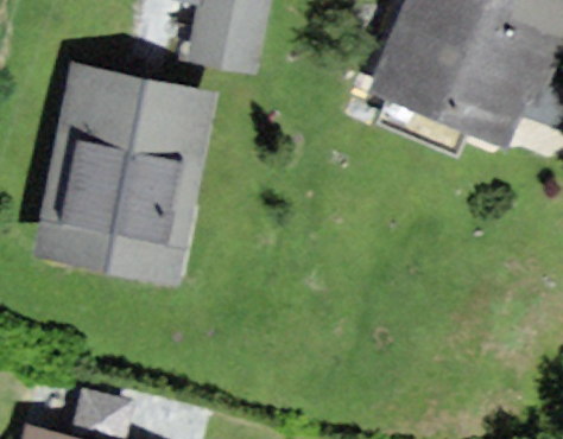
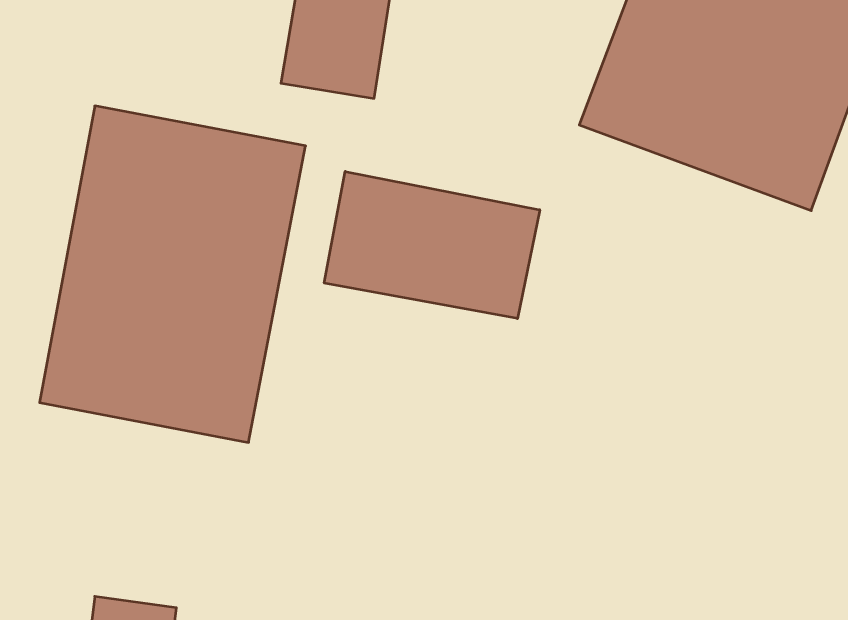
building: none -> [324,171,540,319]

